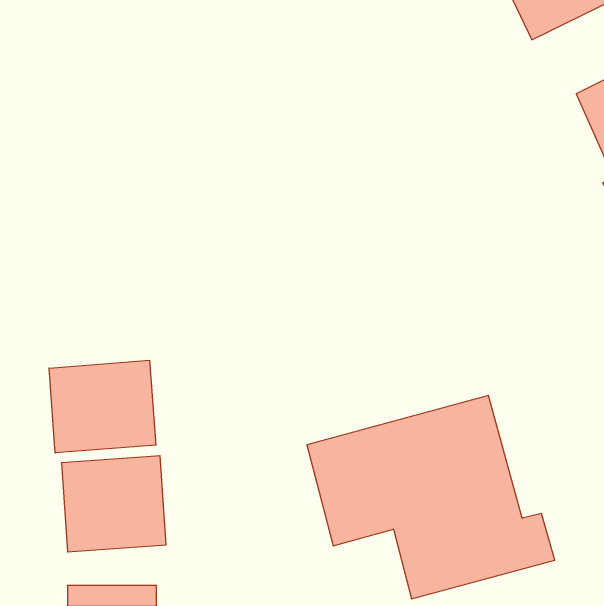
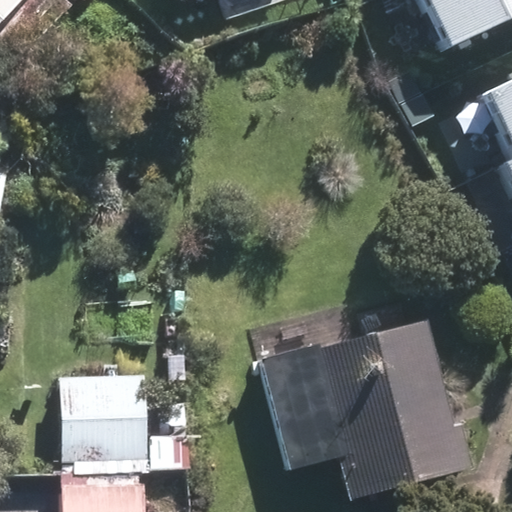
building: [49,360,156,453] -> none

